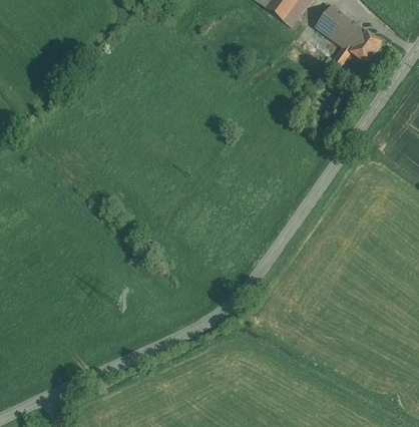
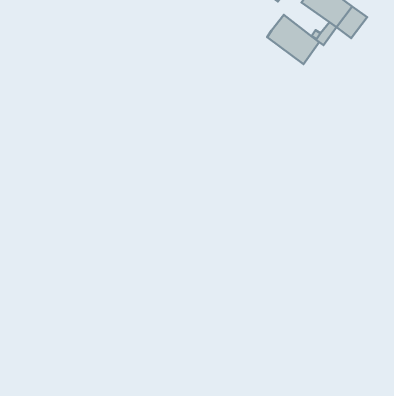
building: none -> [267,15,319,64]

